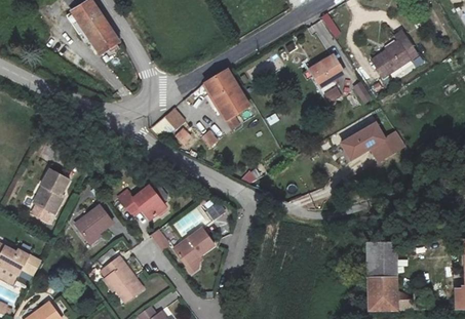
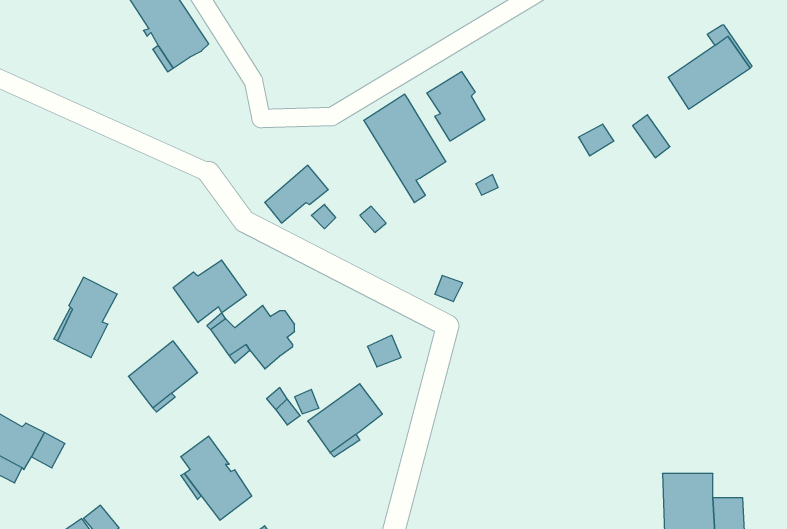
building: [309,54,344,87] -> none
building: none -> [427,72,485,141]
building: [337,121,405,162] -> none
building: none -> [173,260,246,323]
building: [367,243,396,277] -> none

